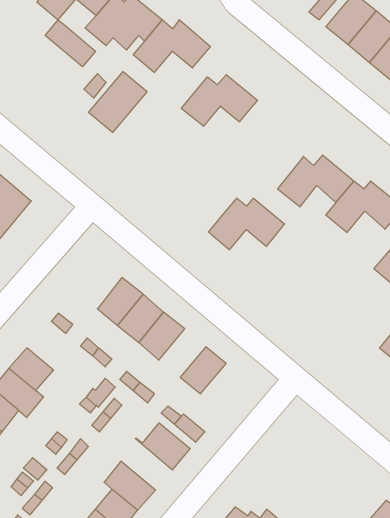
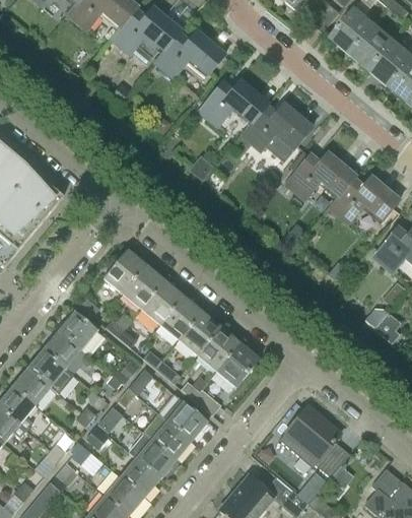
building: [45,20,96,67] -> none
building: [89,71,147,132] -> none
building: [208,198,285,250] -> [243,105,312,151]
building: none -> [104,249,145,294]
building: none -> [59,310,98,349]
building: none -> [179,312,221,355]
building: none -> [216,343,259,387]
building: none -> [285,405,349,476]
building: none -> [142,411,191,458]

